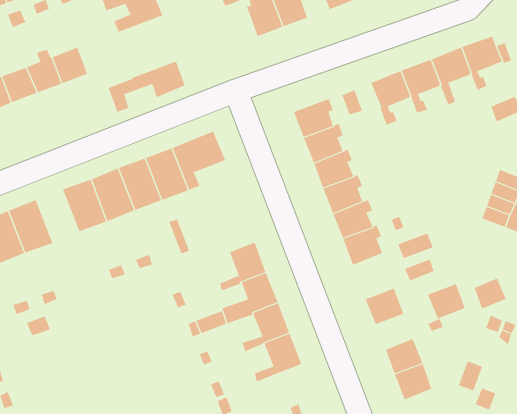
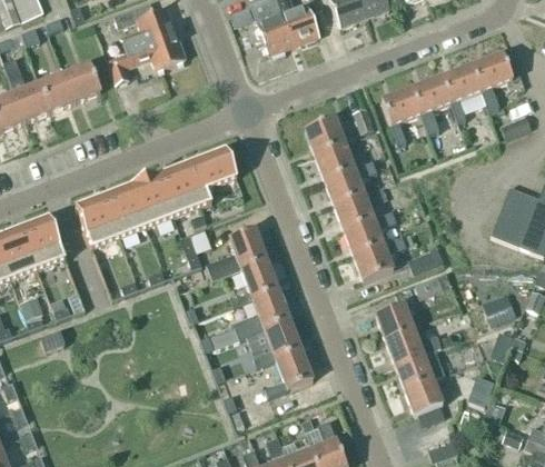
building: [108,61,185,113] -> [107,32,184,83]
building: none -> [204,227,266,279]
building: [427,283,465,319] -> [385,328,423,364]

